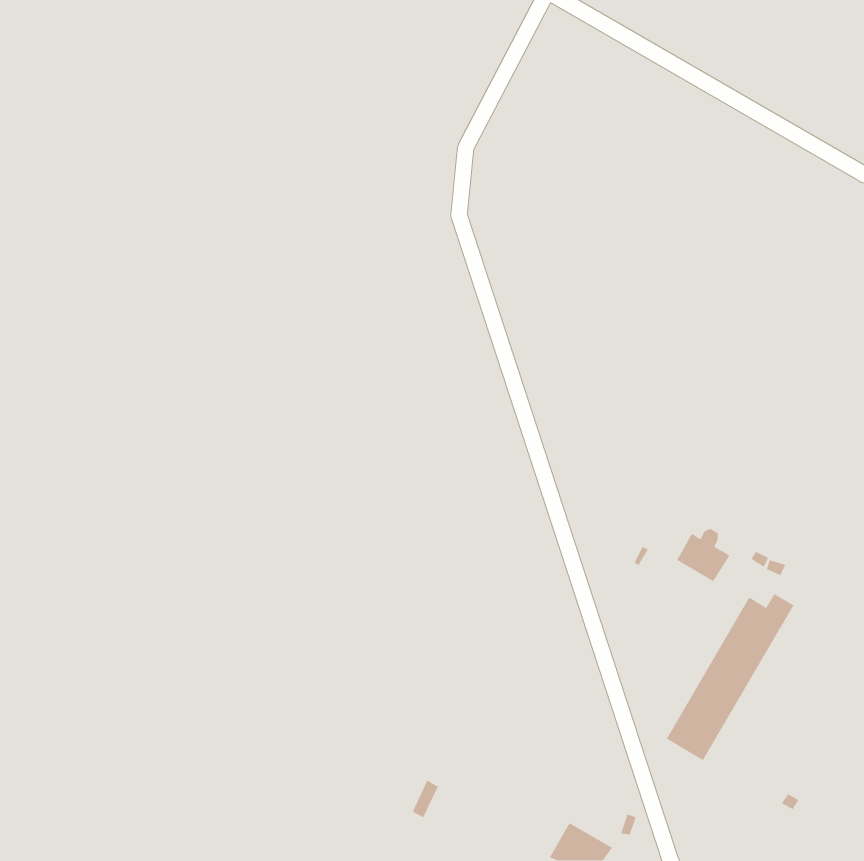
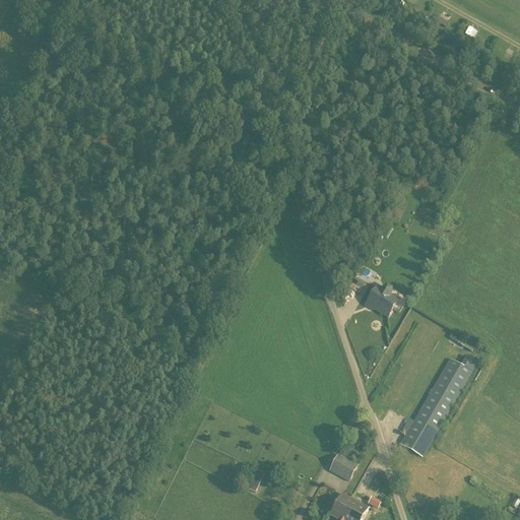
building: [676,528,731,582] -> [364,283,396,316]
building: none -> [328,453,358,480]

